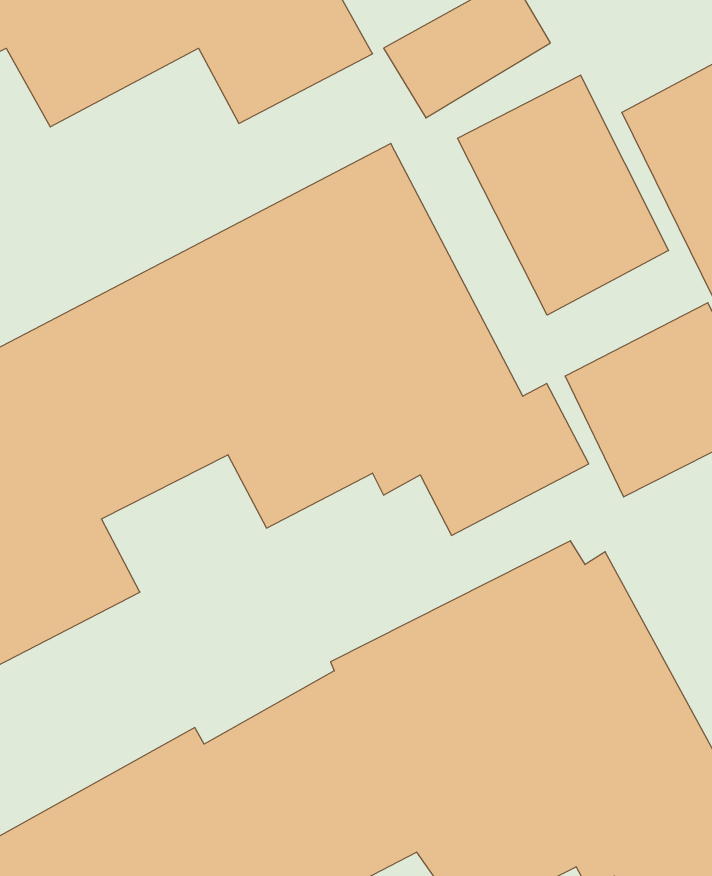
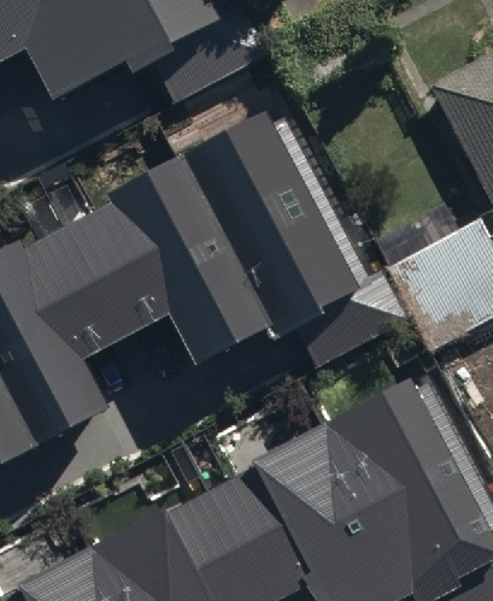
building: [458,75,669,315] -> none

